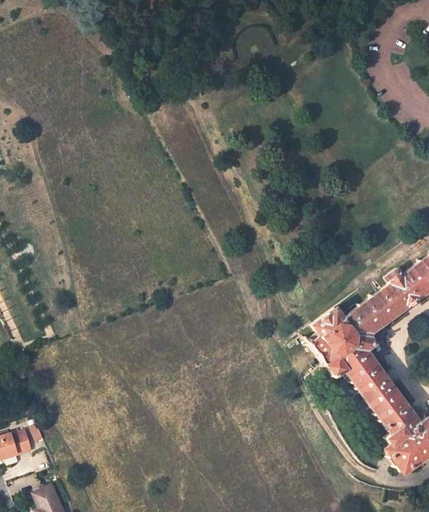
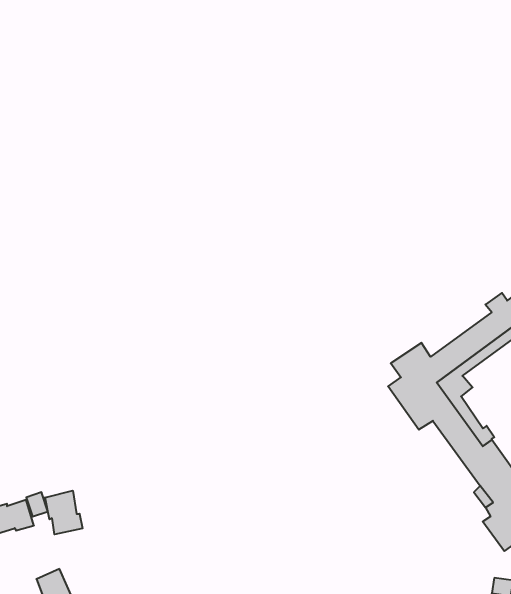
building: none -> [45,491,83,534]

